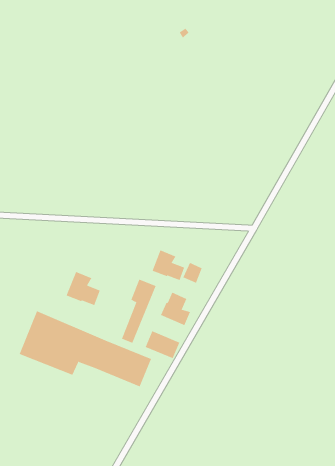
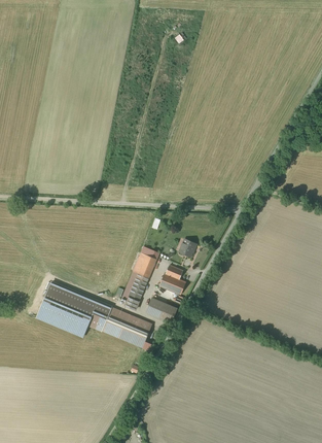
building: [152,250,185,281] -> none
building: [66,271,100,306] -> none

